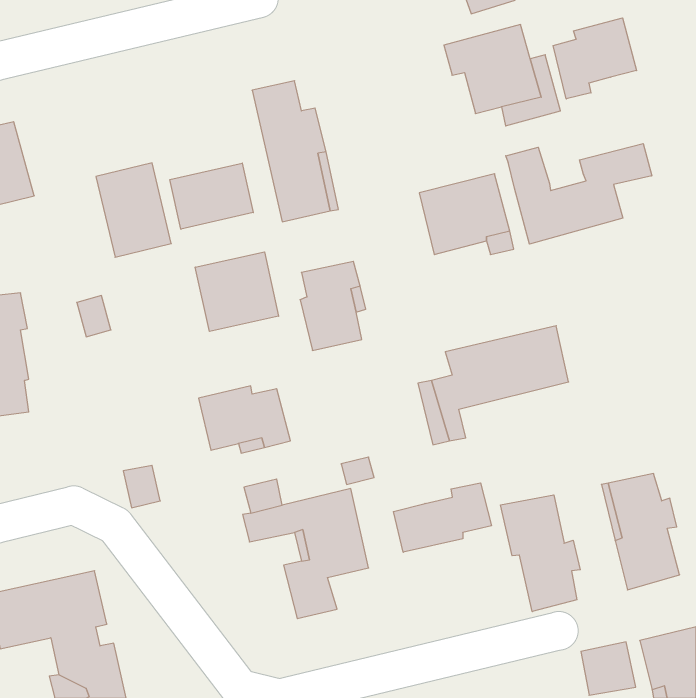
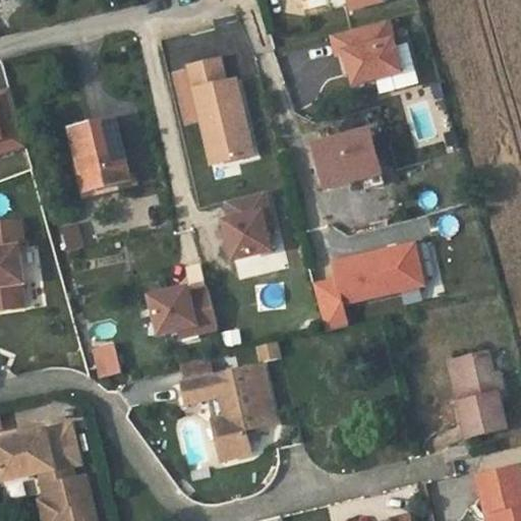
building: [553,18,637,99] -> none
building: [506,144,652,244] -> none
building: [170,163,253,229] -> none
building: [195,252,279,331] -> none
building: [393,483,491,552] -> none
building: [501,495,580,612] -> none

